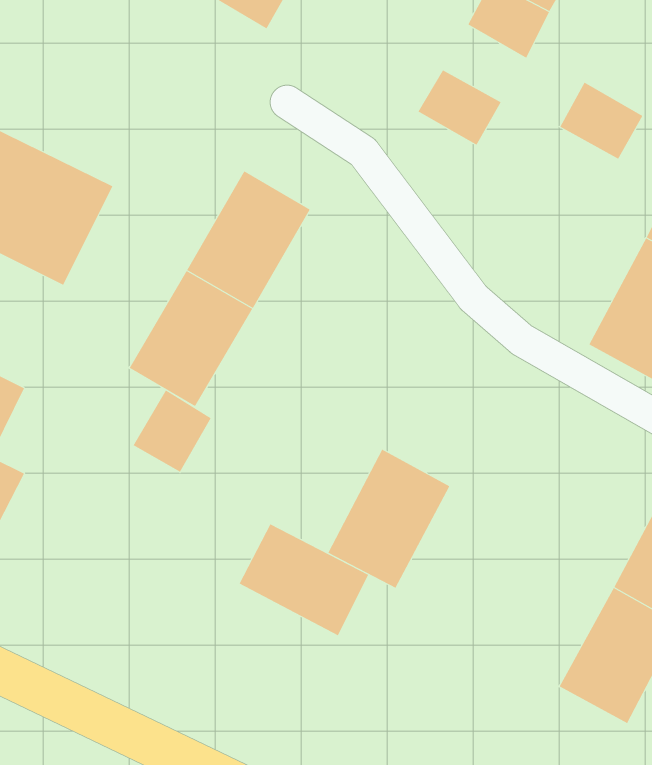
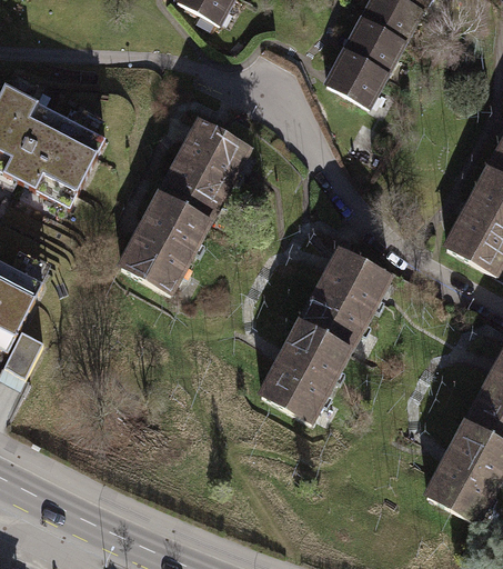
building: [559,82,643,159] -> [342,19,402,74]
building: none -> [299,250,390,349]
building: [133,389,212,473] -> none
building: [239,524,369,636] -> none

